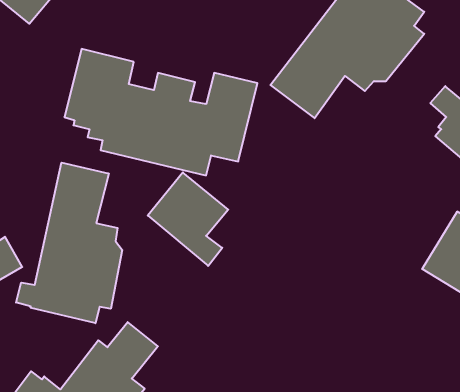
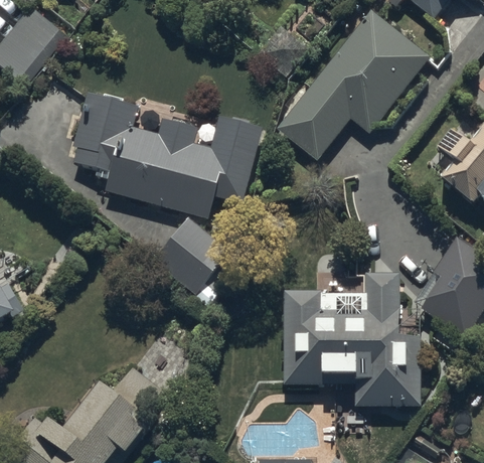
building: [16,163,122,323] -> none
building: none -> [283,272,424,408]

